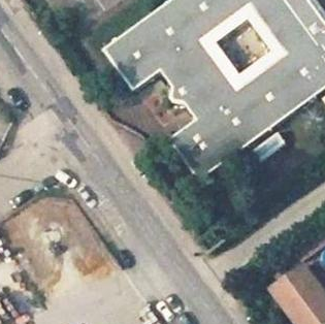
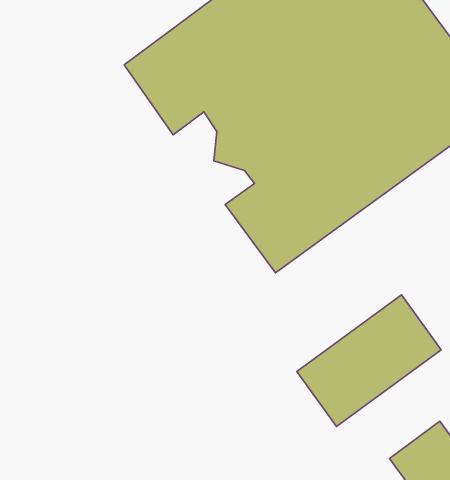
building: none -> [297,295,441,426]

